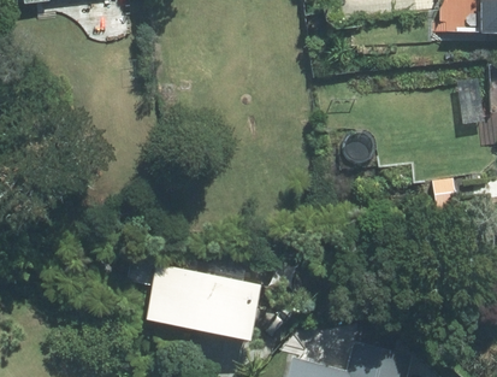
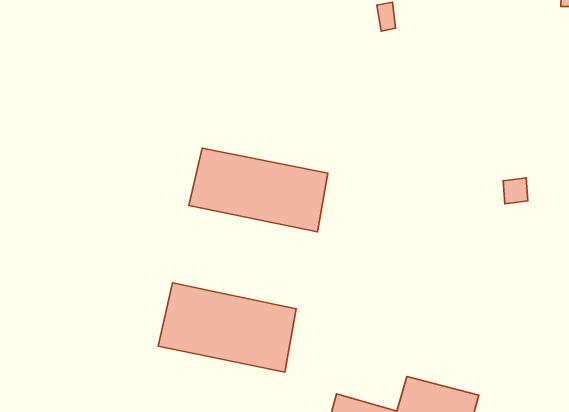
building: none -> [189,148,328,232]

